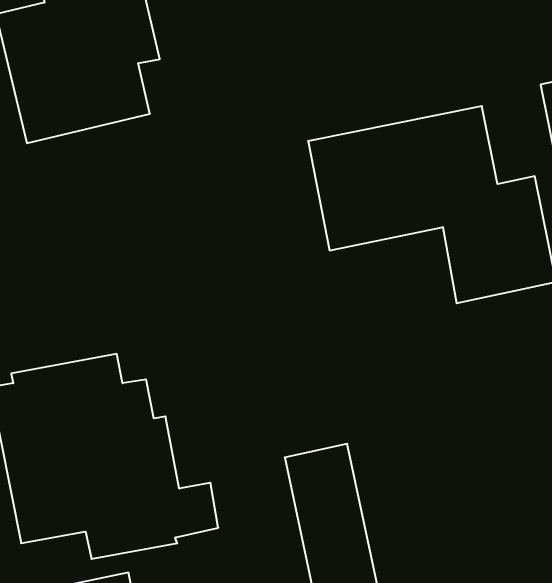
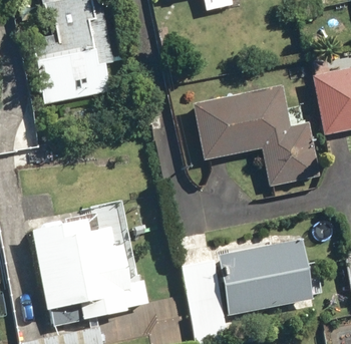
building: none -> [219,239,311,315]

